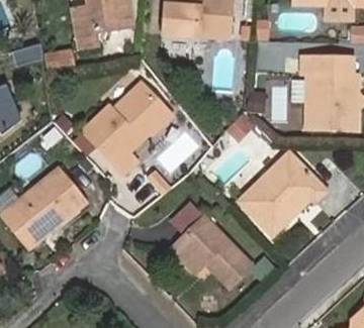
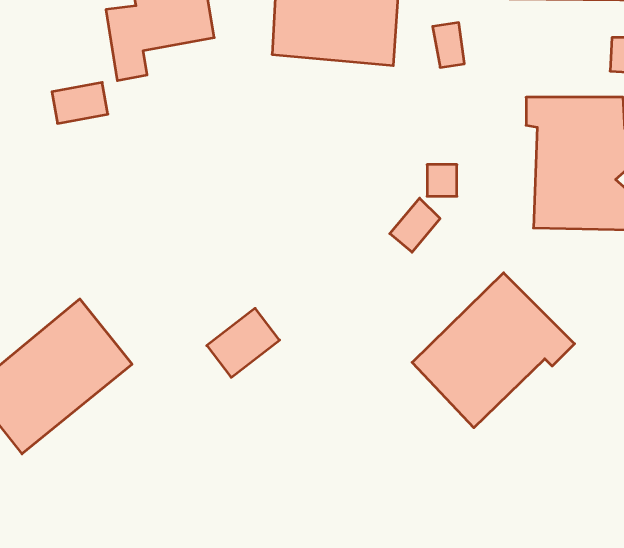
building: [82,82,162,174] -> none
building: [171,215,252,288] -> none

